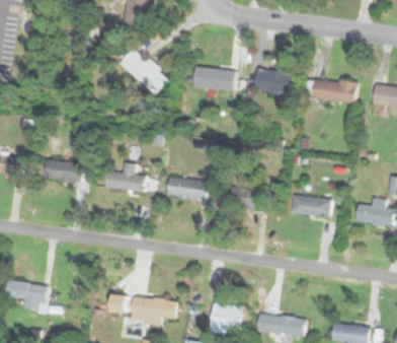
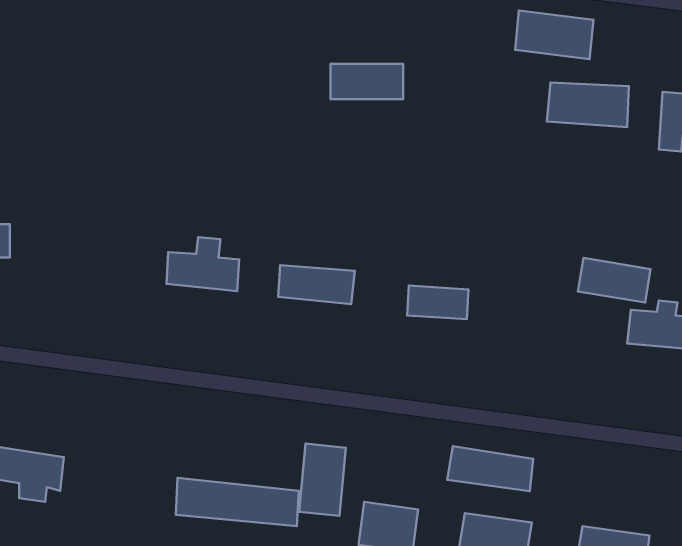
building: [122,50,169,93] -> none
building: [255,69,298,95] -> [515,11,593,59]
building: [46,162,83,182] -> none
building: [293,194,332,218] -> [578,258,651,303]
building: none -> [299,444,346,516]
building: none -> [447,446,533,491]

